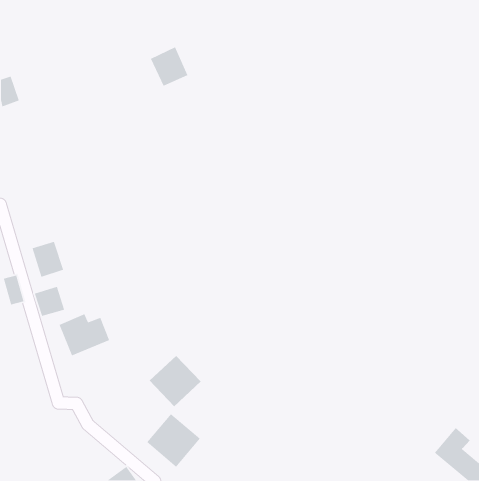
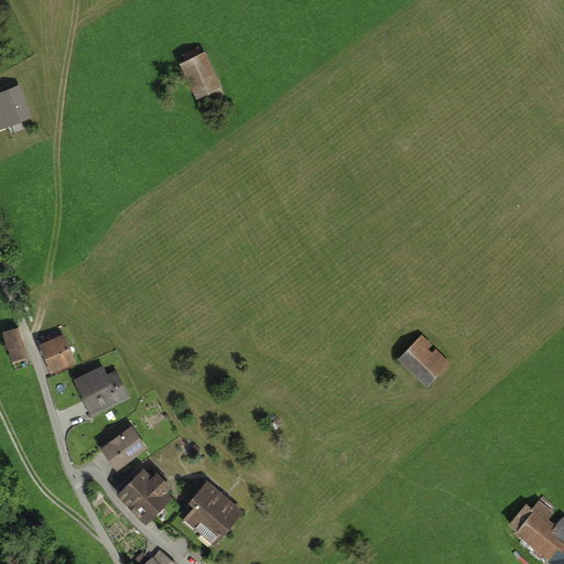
building: [32,241,64,278] -> none
building: none -> [398,334,453,388]
building: [149,355,201,407] -> [110,464,172,524]
building: none -> [96,424,145,468]

